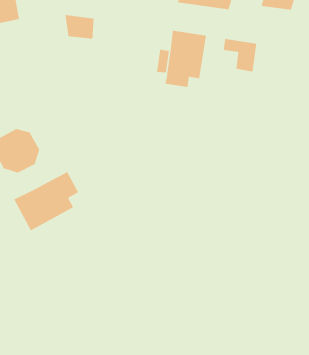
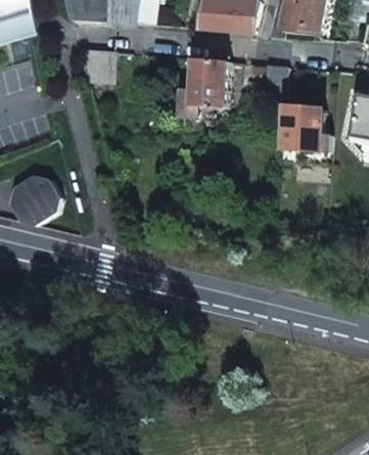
building: none -> [283,105,323,150]
building: [13,171,79,231] -> none

